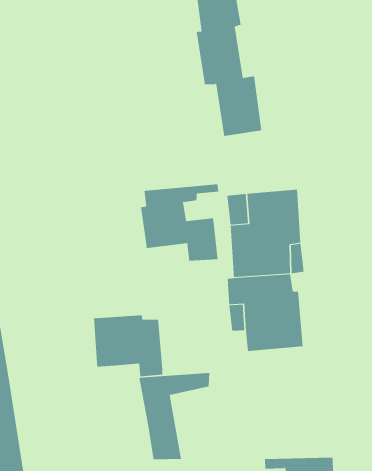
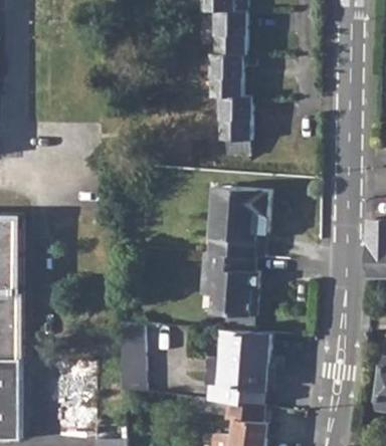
building: [140,183,219,262] -> none
building: [94,314,163,377] -> none
building: none -> [206,329,271,409]

